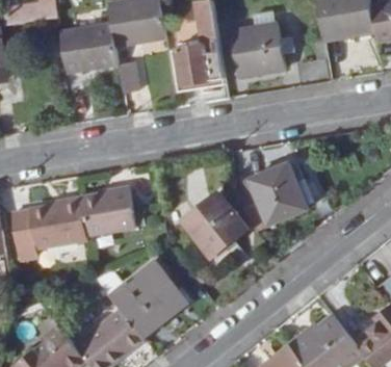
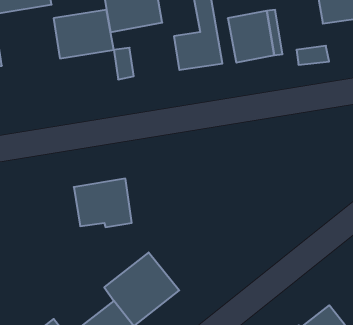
building: [236,163,307,232] -> none
building: [182,192,247,259] -> none
building: [11,198,86,258] -> none

